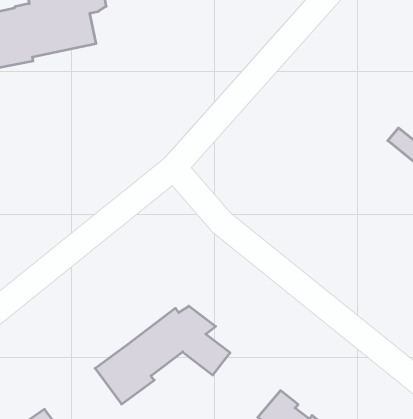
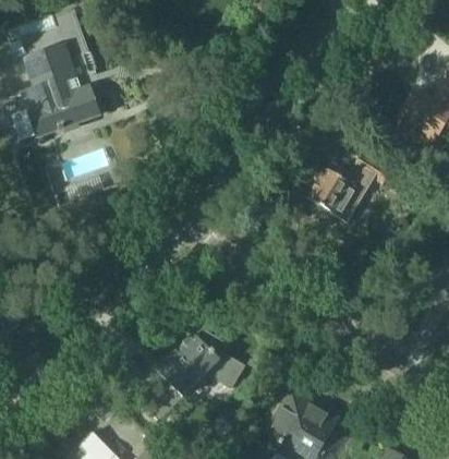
building: none -> [307,164,364,224]

